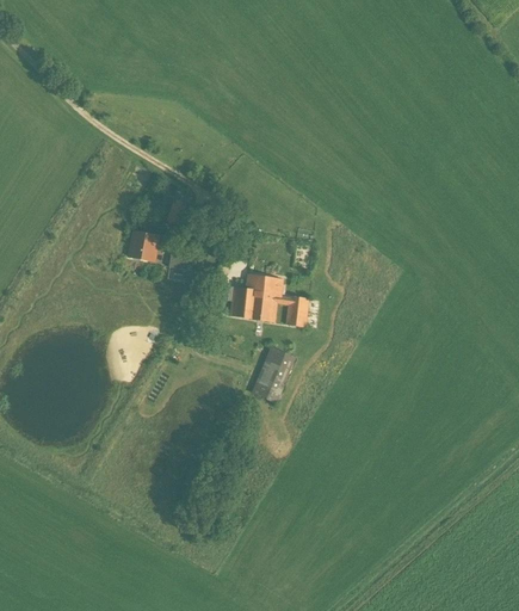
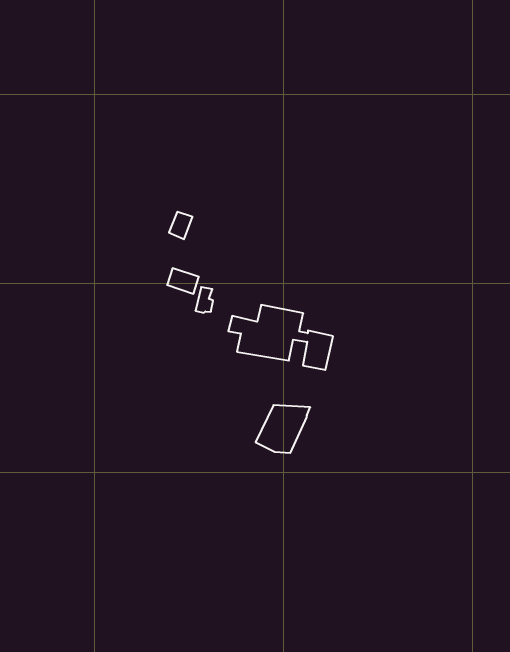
building: [130,232,157,259] -> none

